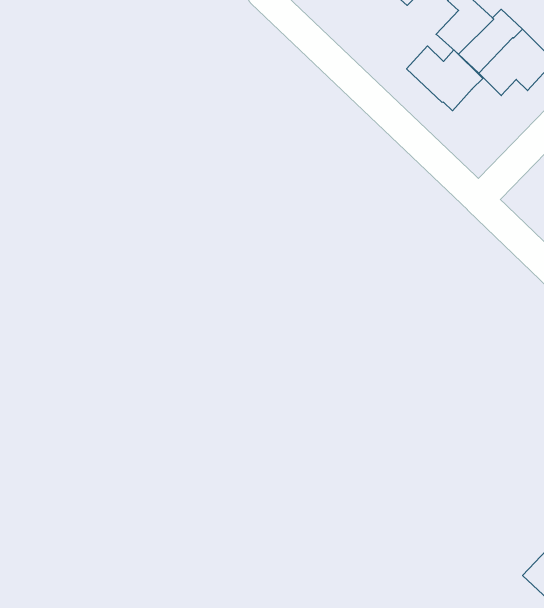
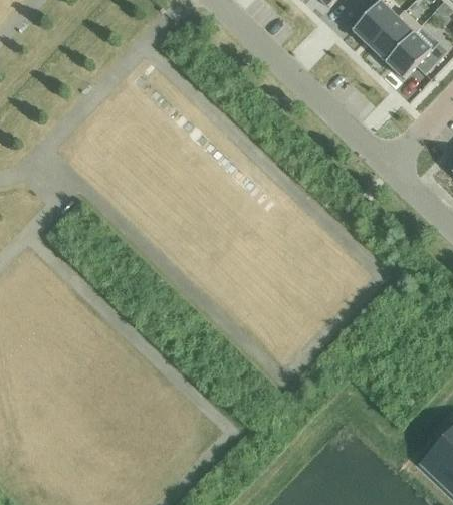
building: [407,46,483,111] -> none

